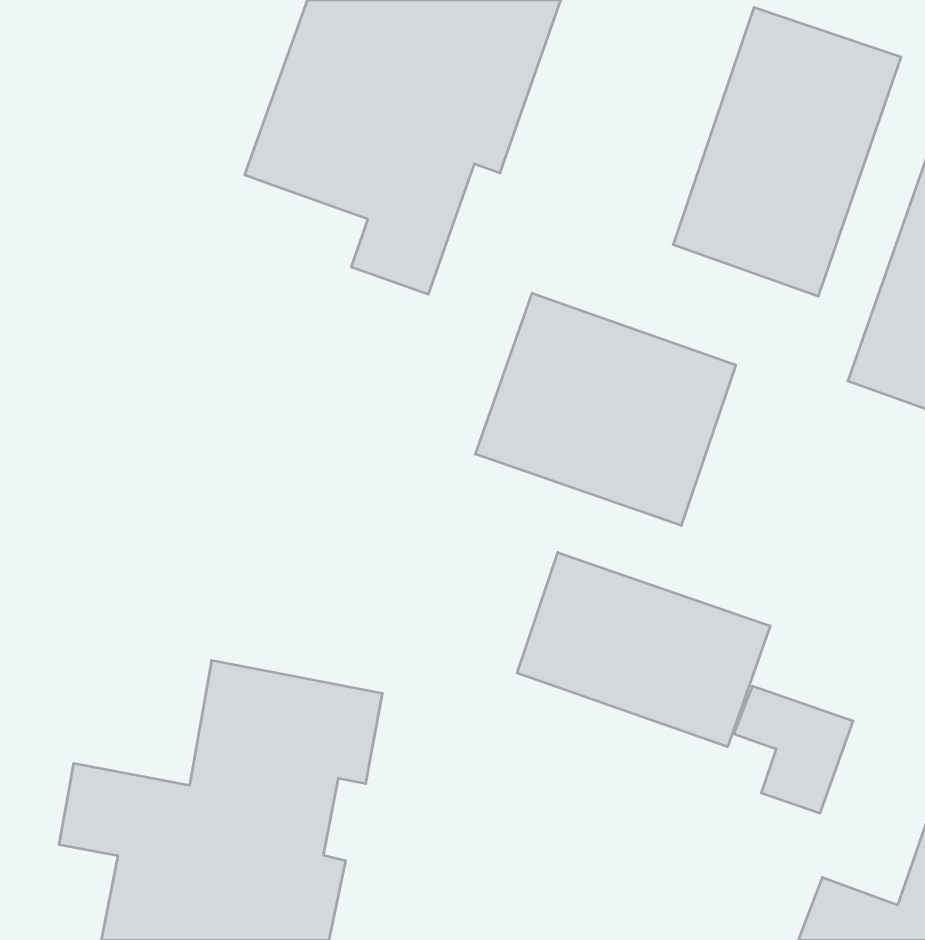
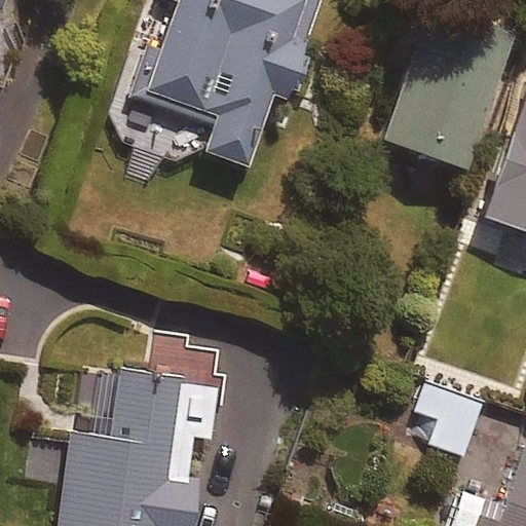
building: [475,293,736,526] -> none
building: [517,552,770,747] -> none

